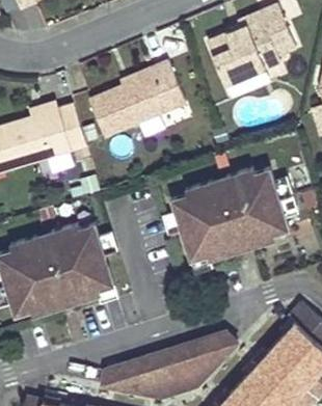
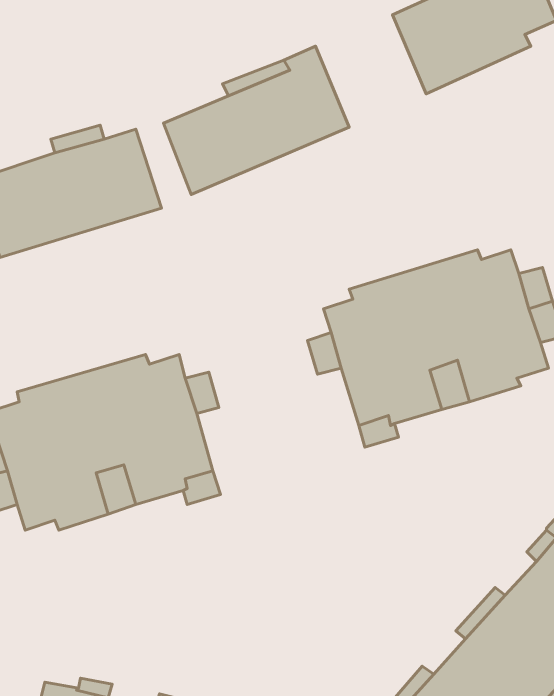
building: [101,332,237,399] -> none

